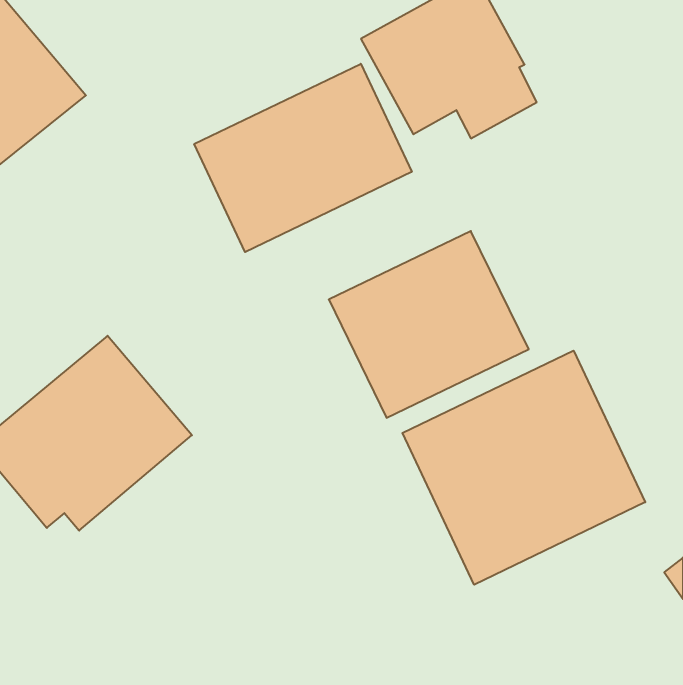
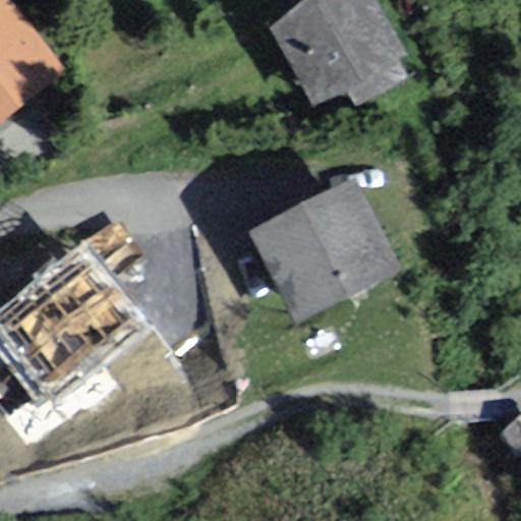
building: [194,64,412,252] -> none
building: [402,351,645,585] -> none

